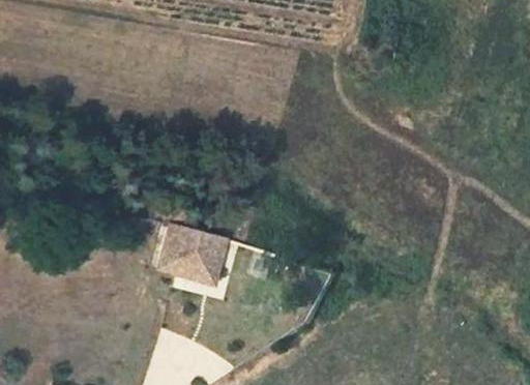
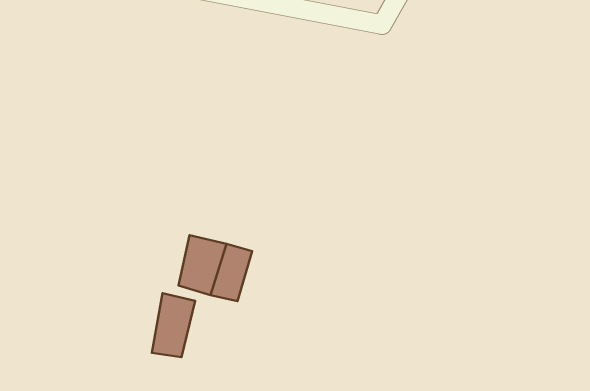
building: none -> [152,293,195,357]

